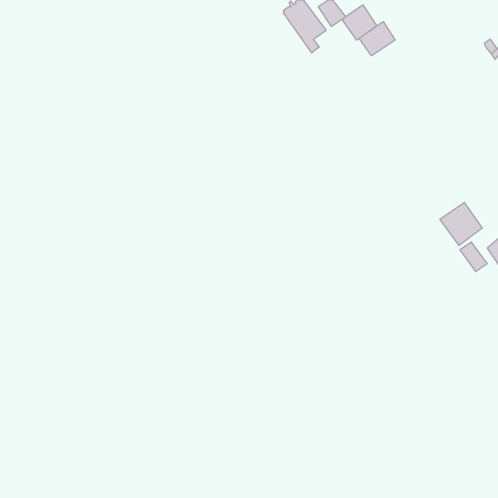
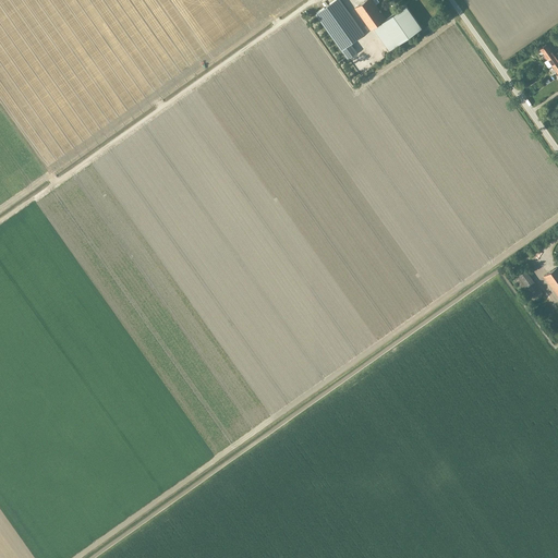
building: [359,22,395,56] -> none
building: [440,202,482,246] -> none

